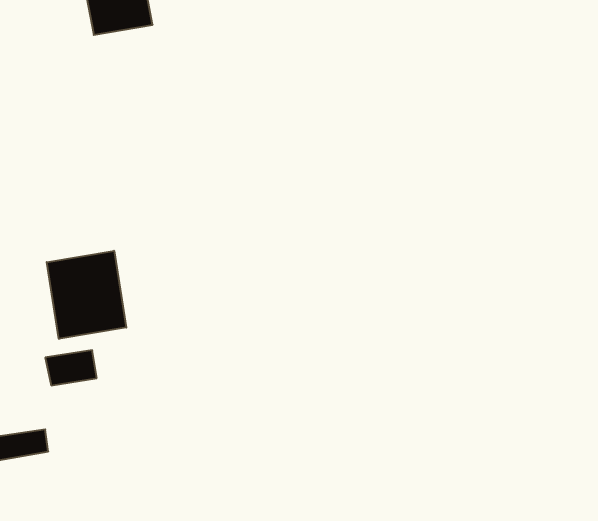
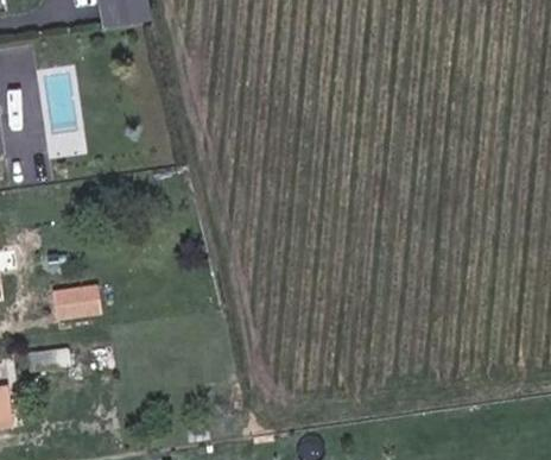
building: [47,251,126,339] -> none

